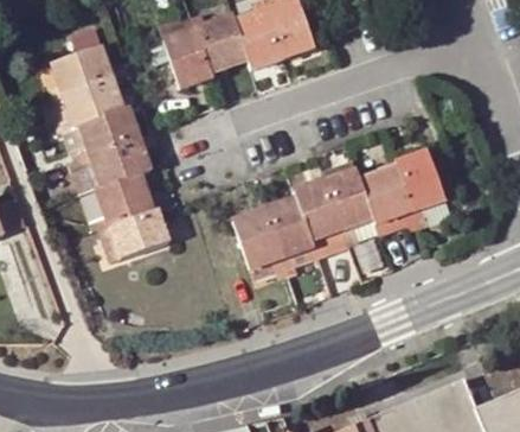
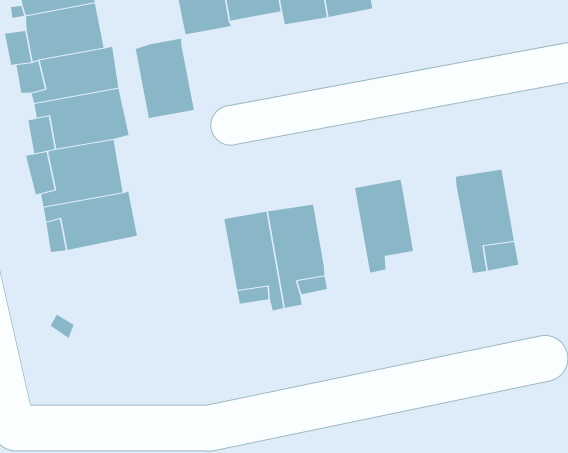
building: none -> [135,38,194,119]
building: [359,165,418,235] -> none
building: [293,179,344,242] -> none

